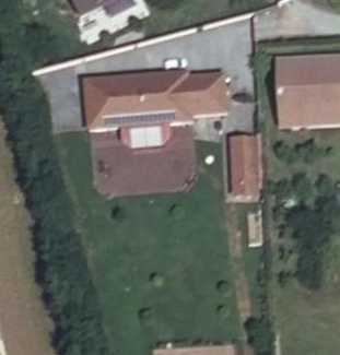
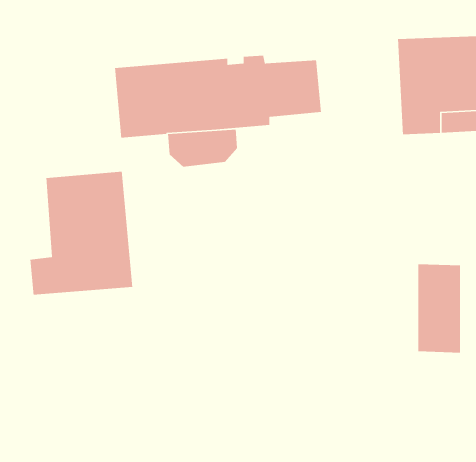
building: [231,135,260,197] -> [418,263,461,354]
building: none -> [29,171,133,296]

